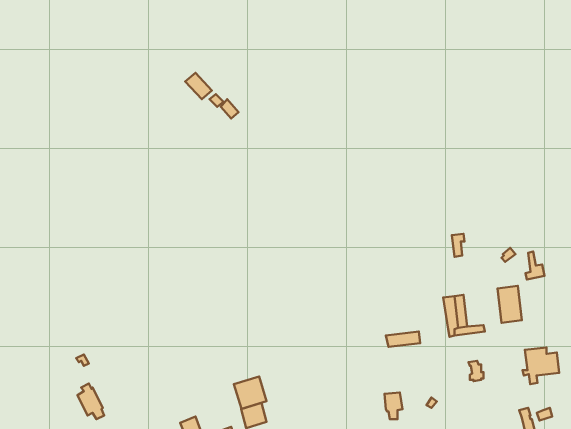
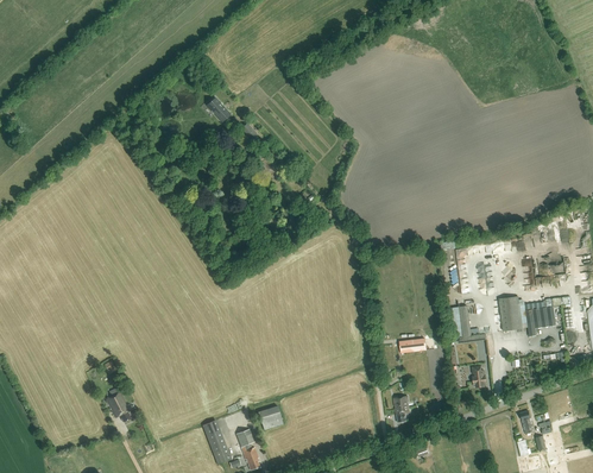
building: [522,347,559,384] -> [522,301,556,335]
building: [234,376,267,409] -> none

